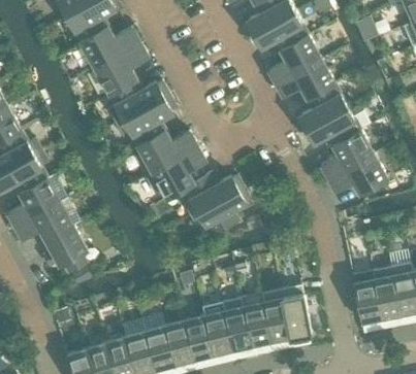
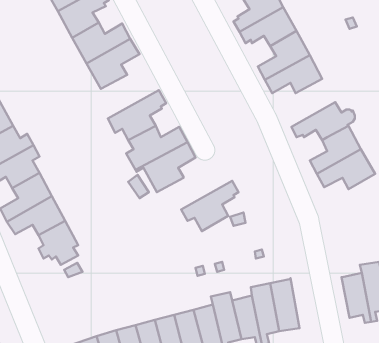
building: [107,79,167,124] -> none
building: [295,83,346,132] -> none
building: [165,172,242,215] -> none

